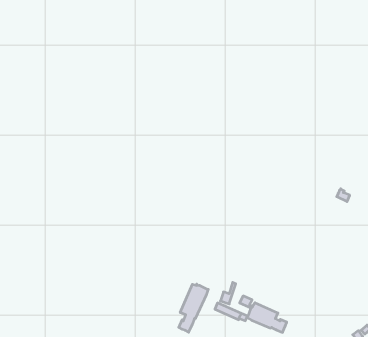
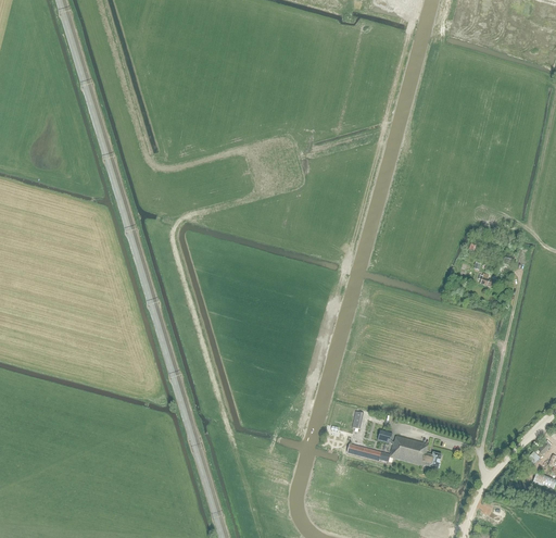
building: [179,284,208,332] -> none

